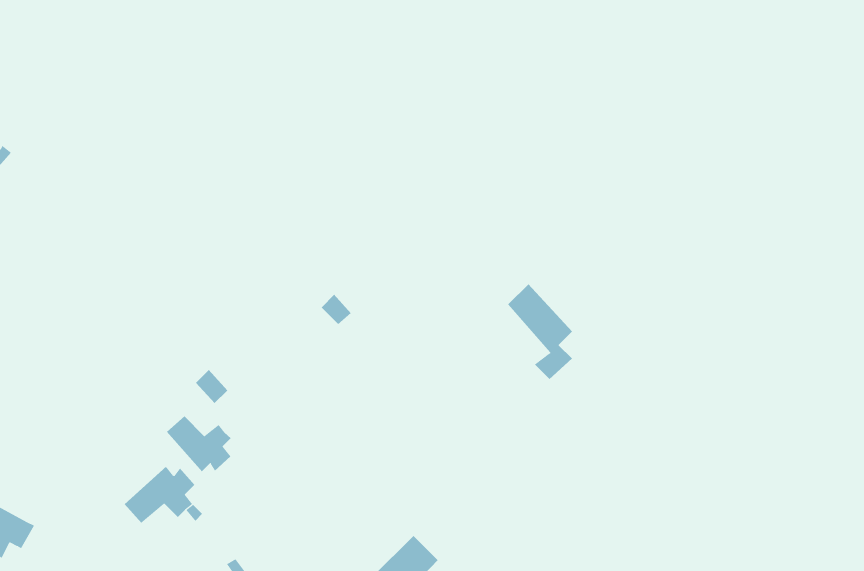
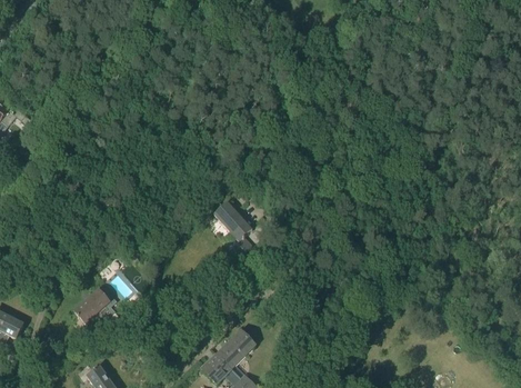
building: [507,283,573,380] -> [214,201,252,257]
building: [166,415,232,472] -> none

